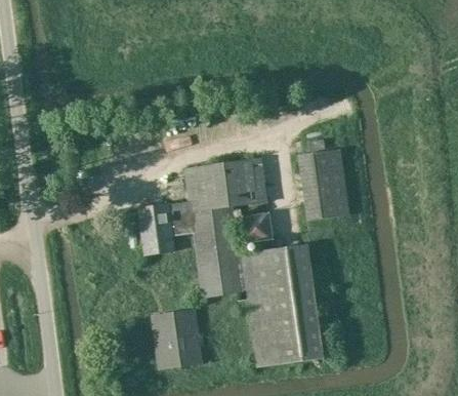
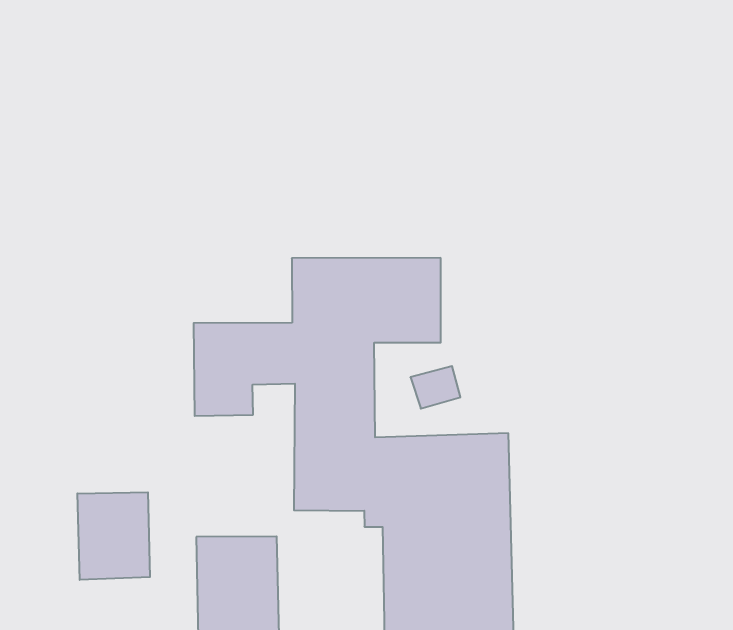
building: [297,151,348,223] -> none
building: none -> [77,492,150,580]

